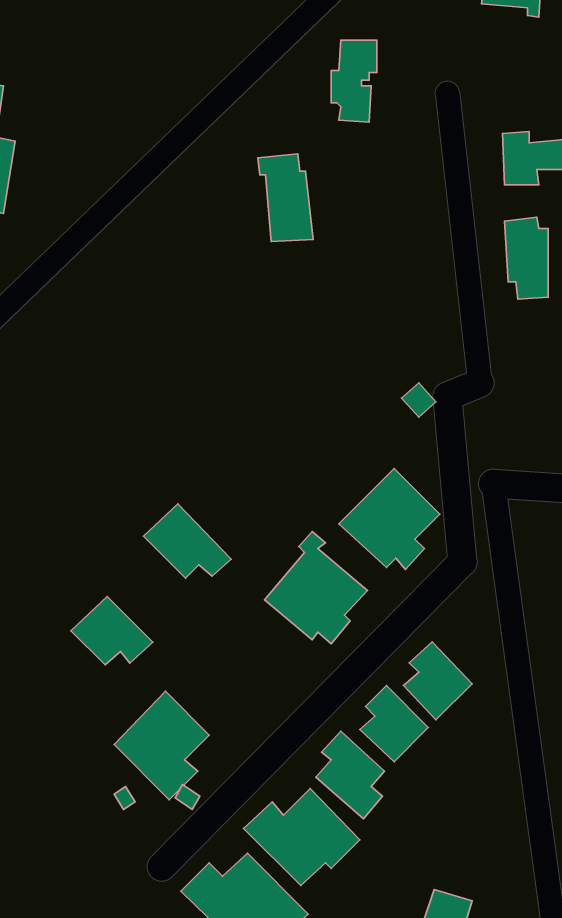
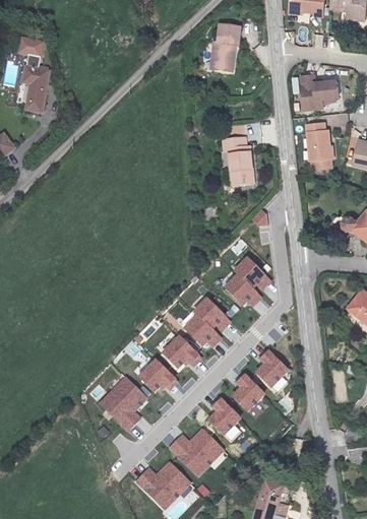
building: [258,154,313,241] -> [224,137,253,184]
building: [144,504,231,578] -> [156,328,202,368]
building: [71,596,153,665] -> [135,355,179,392]

